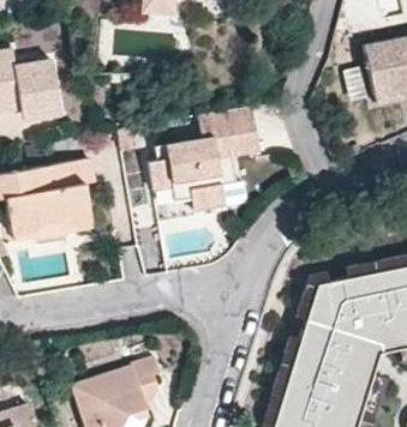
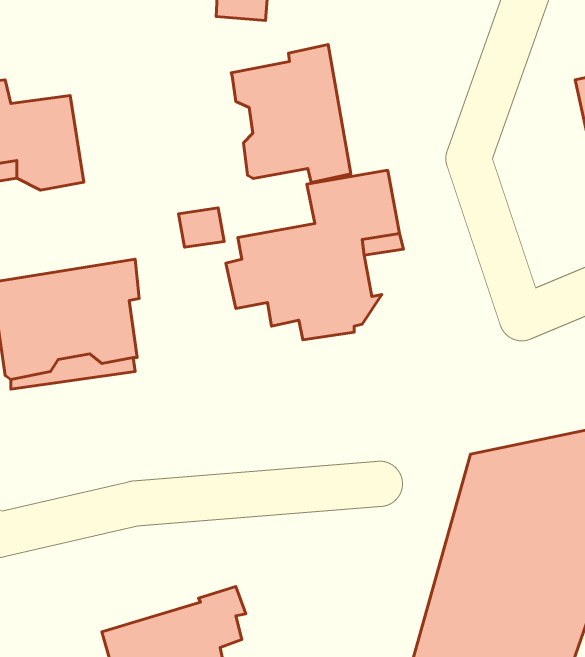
building: none -> [231,44,351,183]

